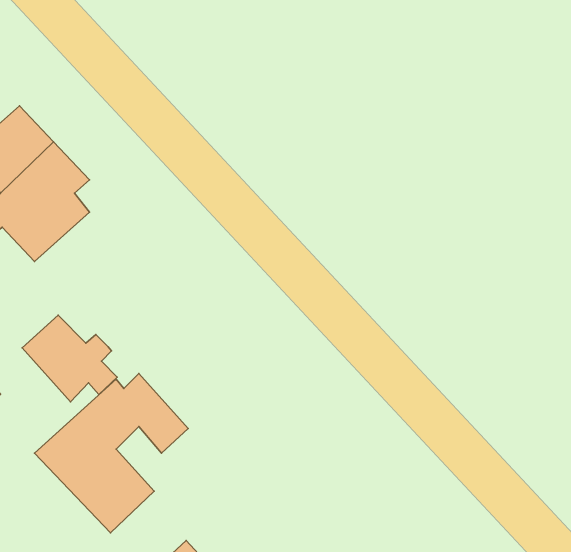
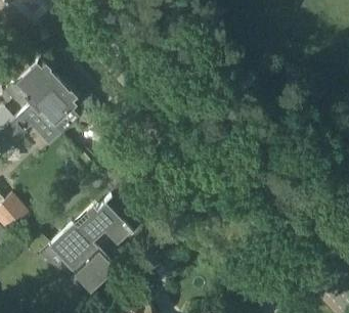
building: [22,315,117,402] -> none

